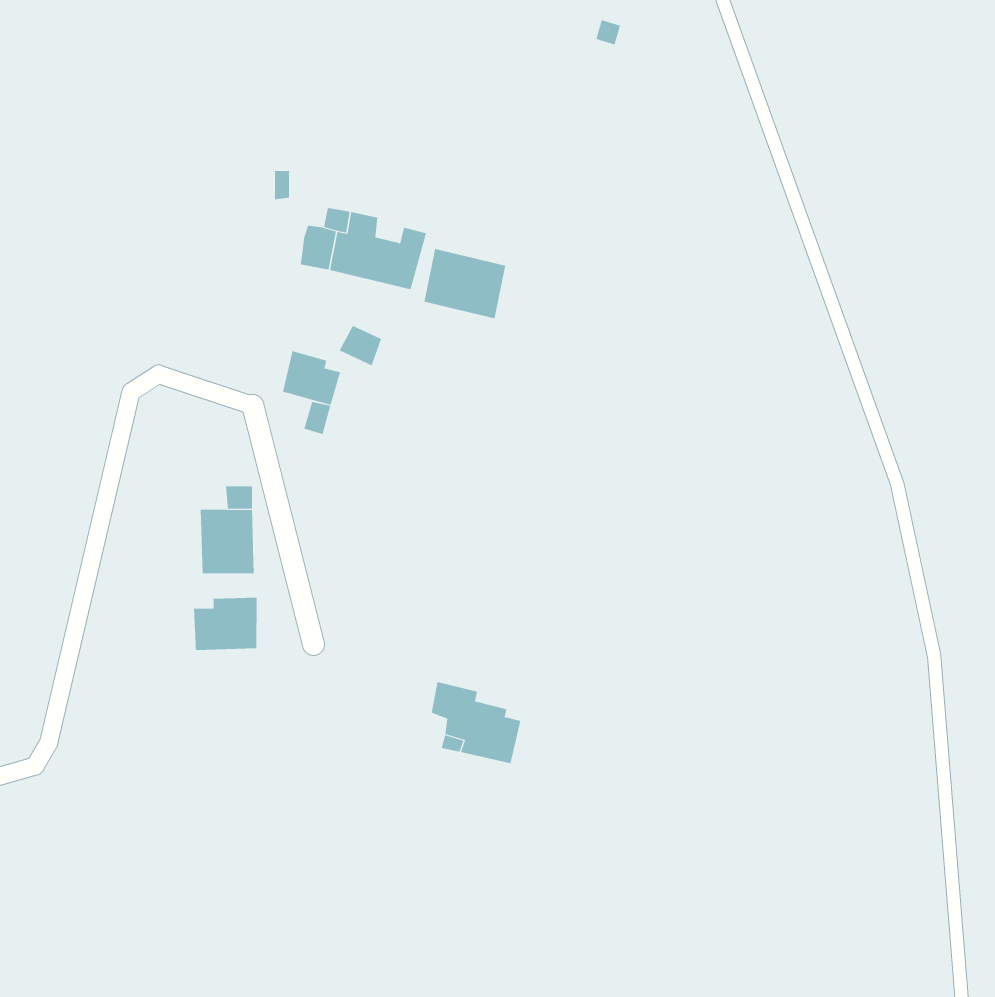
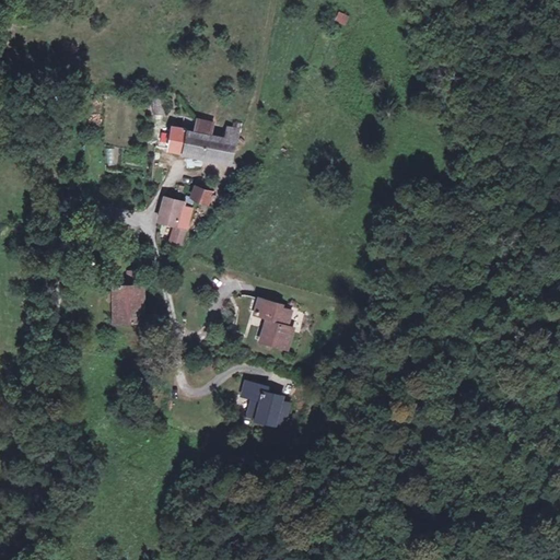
building: [424,248,506,319] -> none
building: none -> [256,294,293,348]
building: [194,597,257,651] -> none

